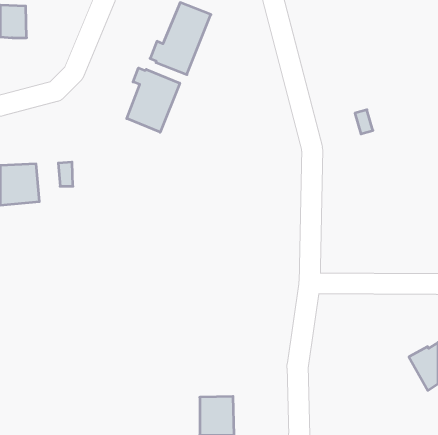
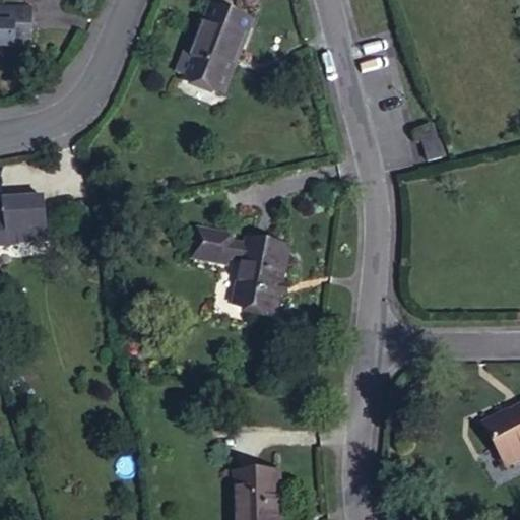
building: [127,68,180,132] -> none
building: none -> [194,230,286,311]

